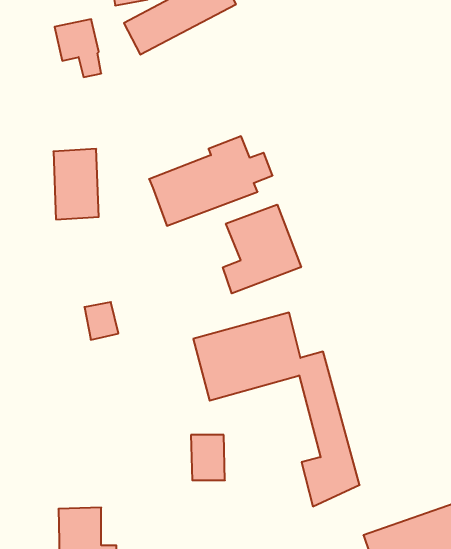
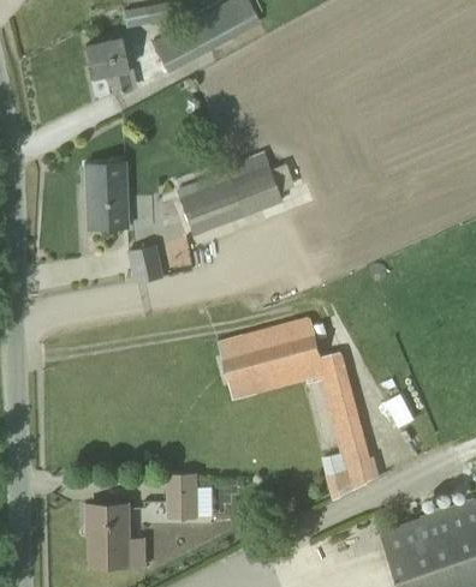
building: [223,205,301,293] -> none
building: [84,302,118,340] -> [129,246,161,282]
building: [191,435,225,480] -> [166,477,198,520]

